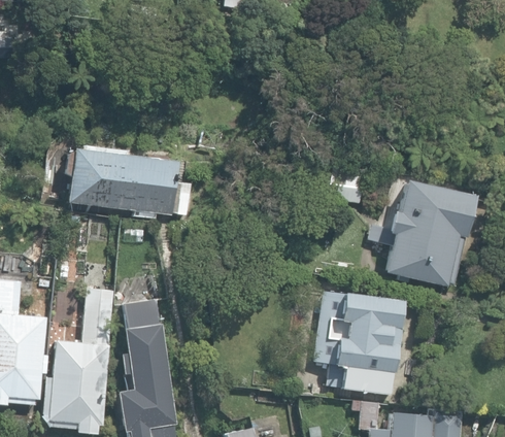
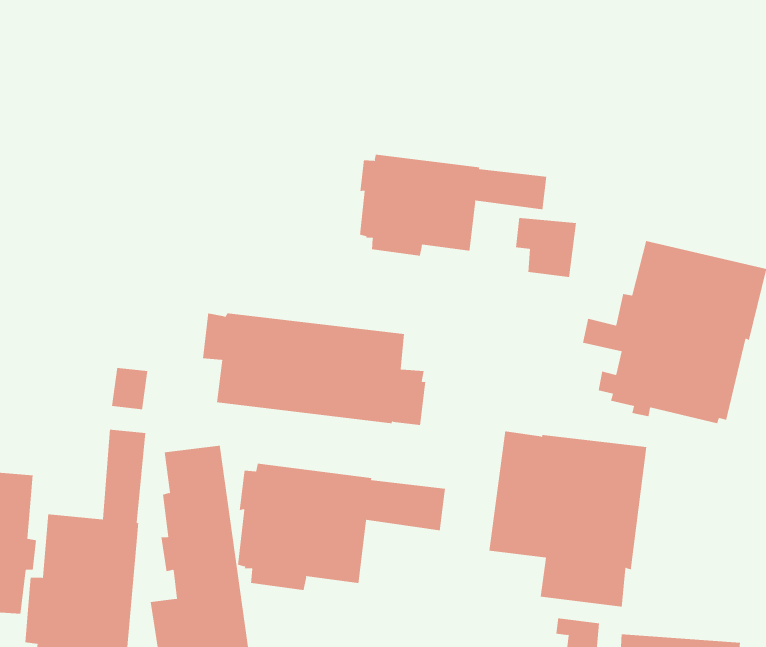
building: none -> [359,154,547,256]
building: [60,148,191,214] -> [202,313,426,426]
building: none -> [238,463,446,591]

